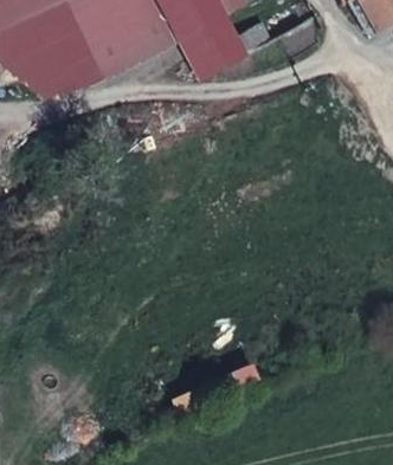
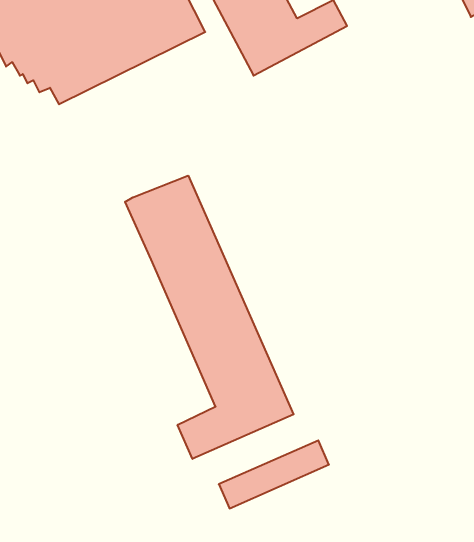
building: none -> [125,176,294,459]

